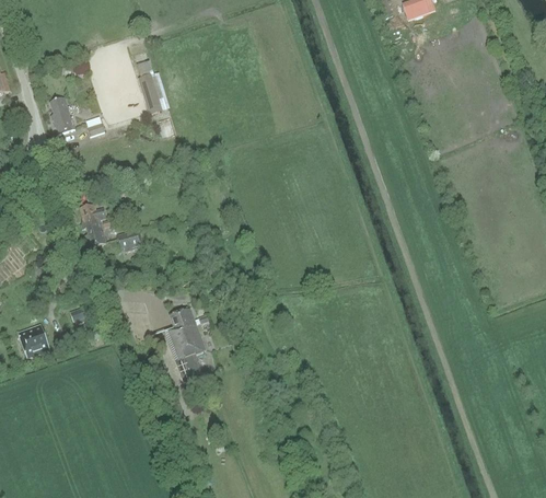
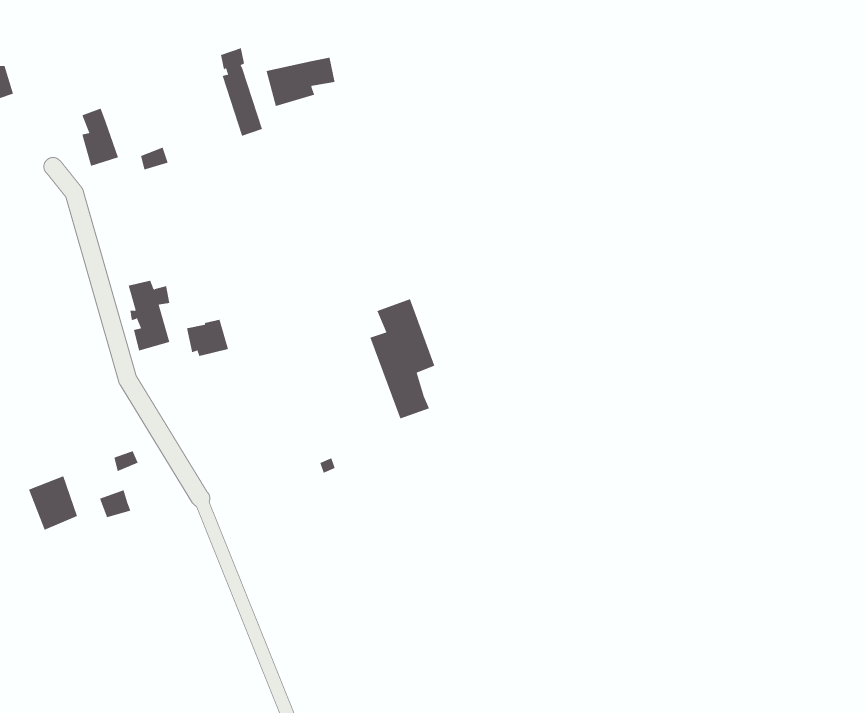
building: none -> [266,57,335,107]
building: [165,306,206,381] -> [369,298,435,419]

